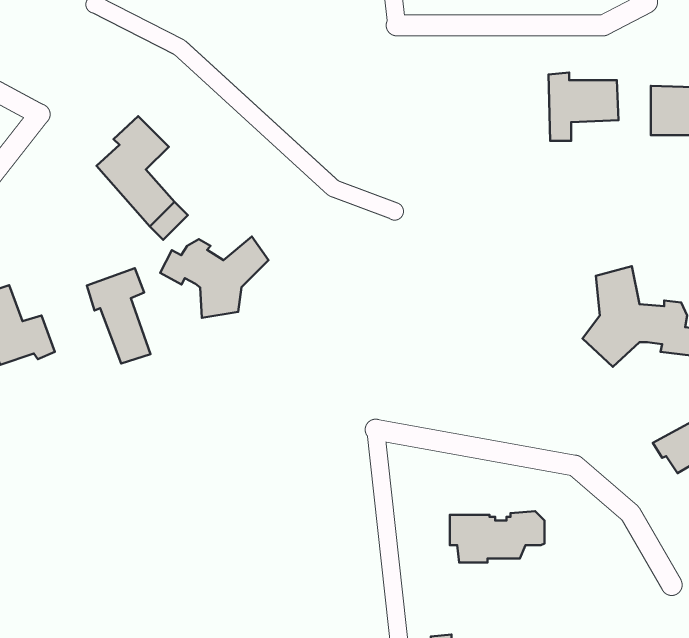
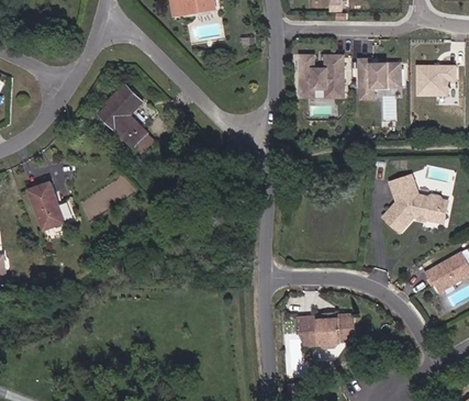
building: none -> [301,56,344,97]
building: [160,236,268,318] -> none
building: [87,268,150,364] -> none

